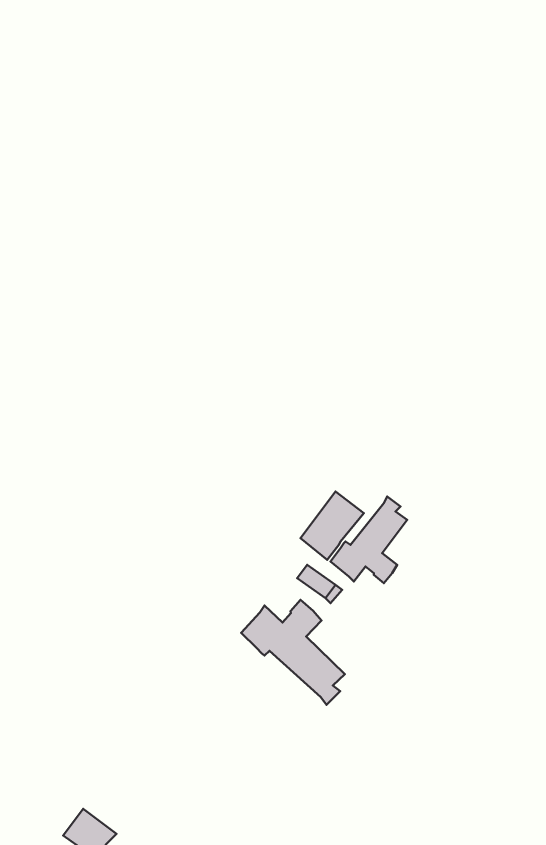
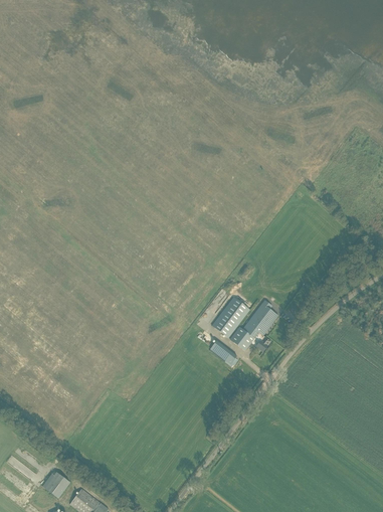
building: [241,600,345,705] -> none
building: none -> [42,470,69,498]

